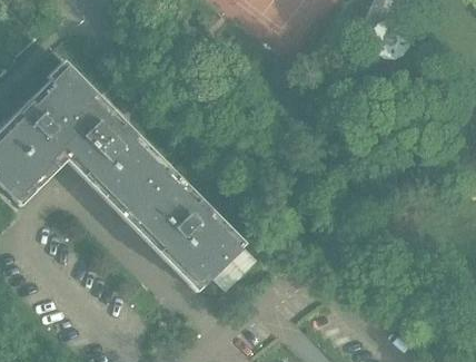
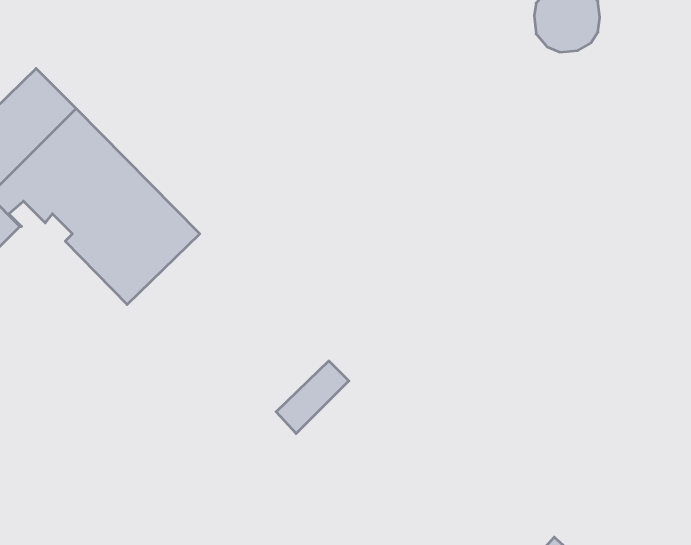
building: [125,169,245,290] -> none

